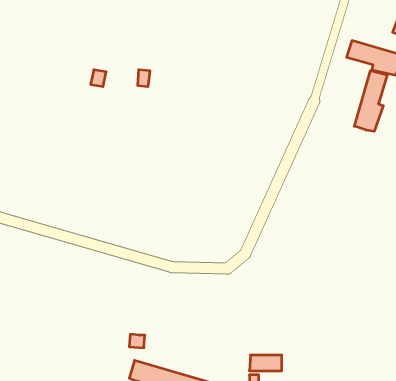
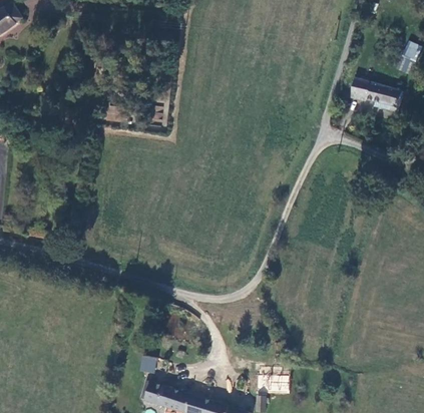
building: [354,71,387,131] -> none

